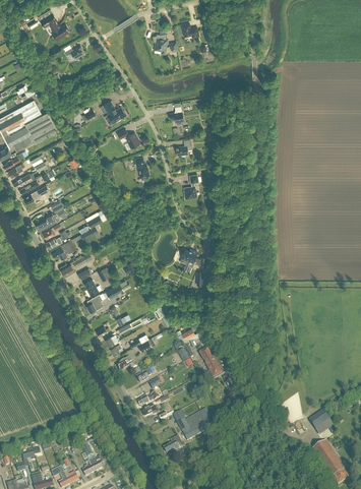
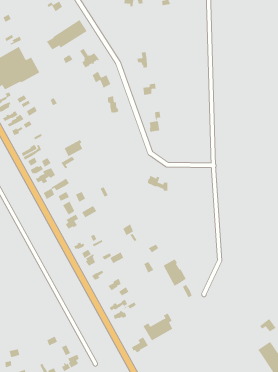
building: none -> [46,19,87,50]

